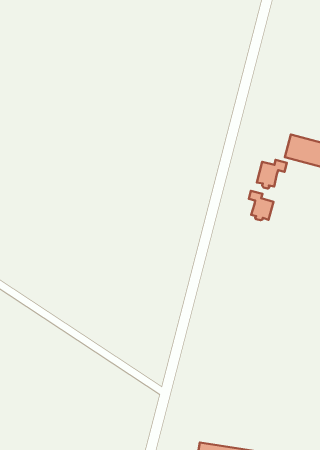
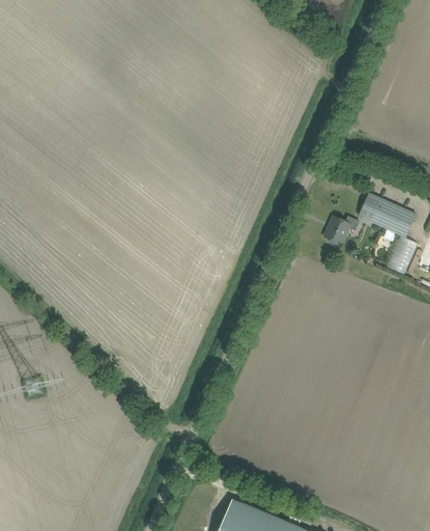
building: [249,191,273,220] -> none

